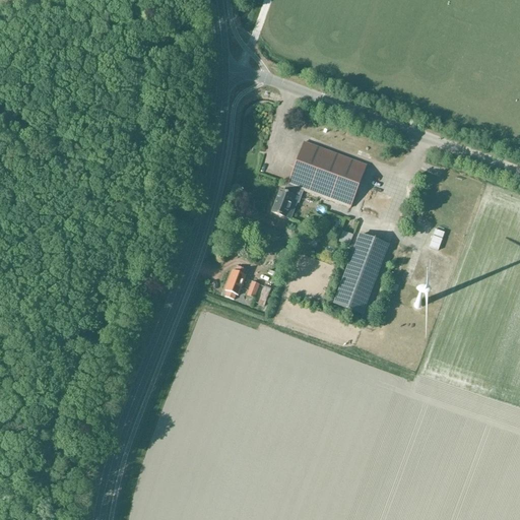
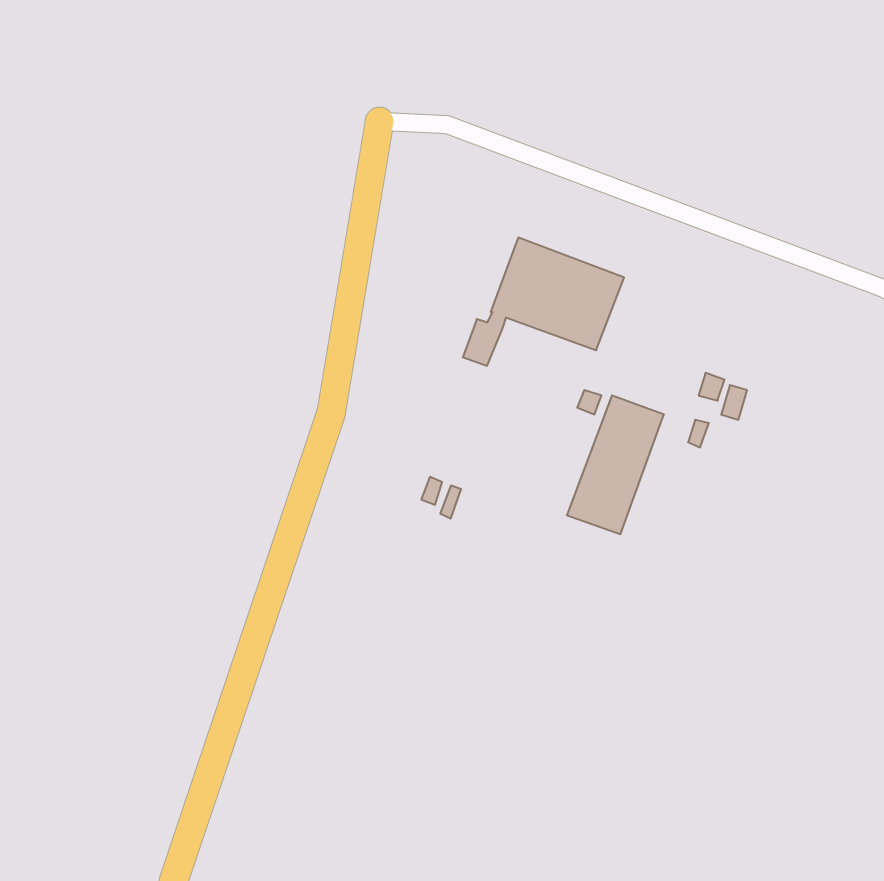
building: [224,264,247,298] -> none

